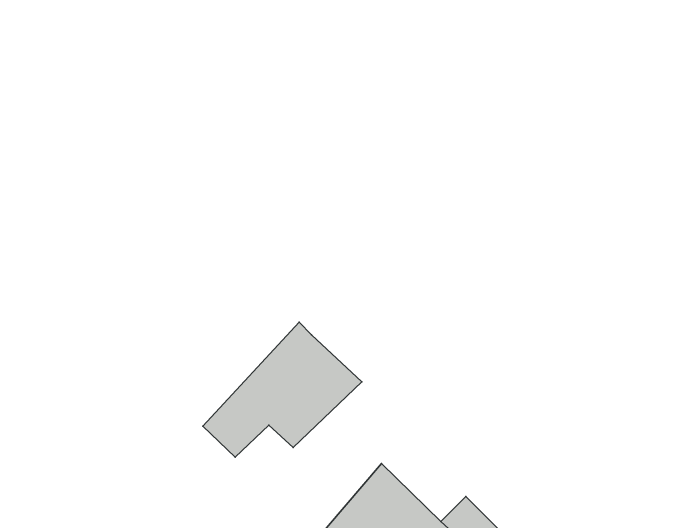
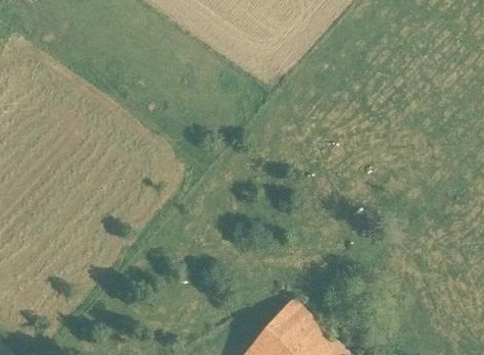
building: [203,322,362,457] -> none

